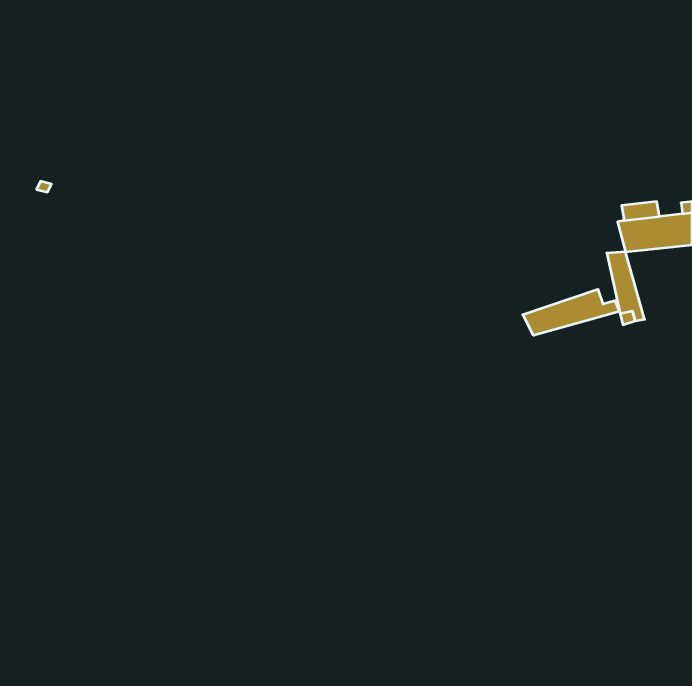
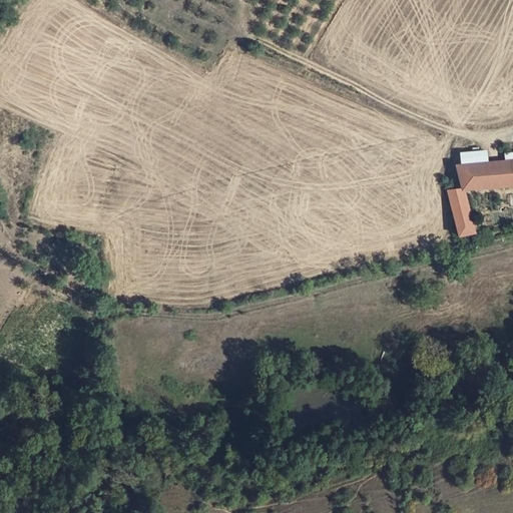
building: [523,289,620,335] -> none

